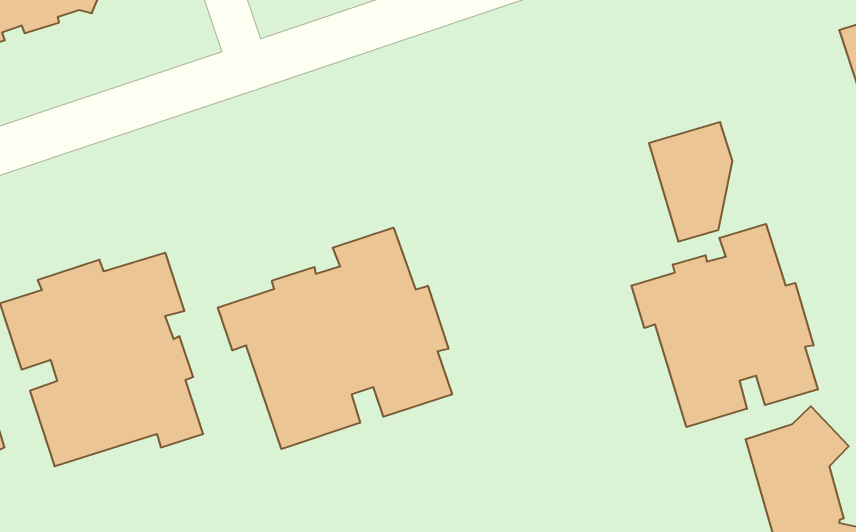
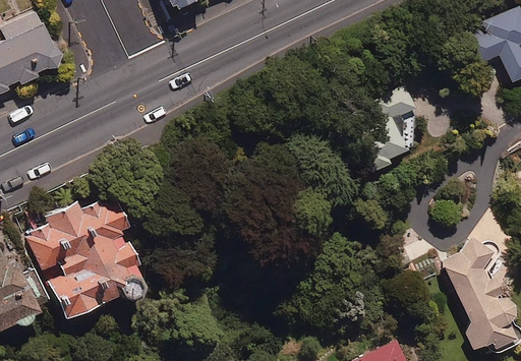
building: [632,224,818,427] -> none
building: [218,228,452,449] -> none

